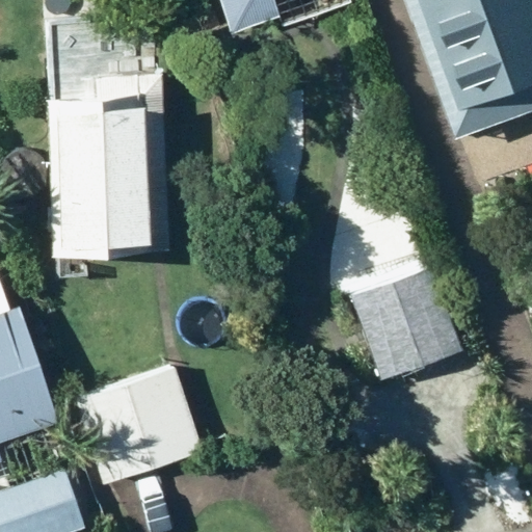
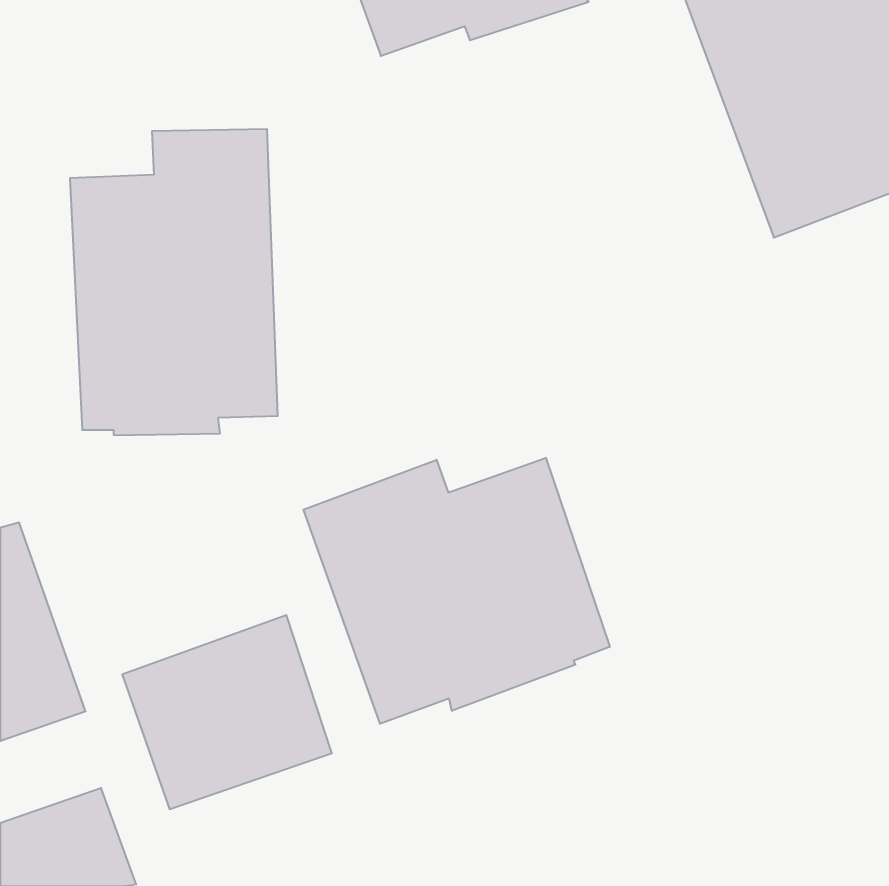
building: [351,268,459,376] -> none
building: none -> [303,458,610,724]

